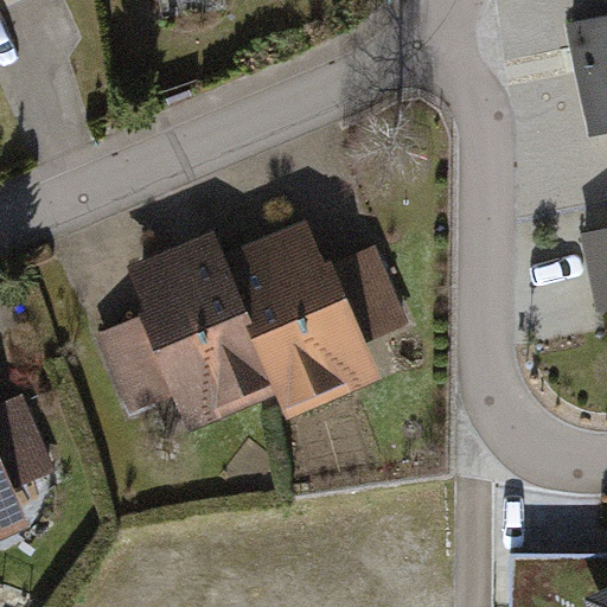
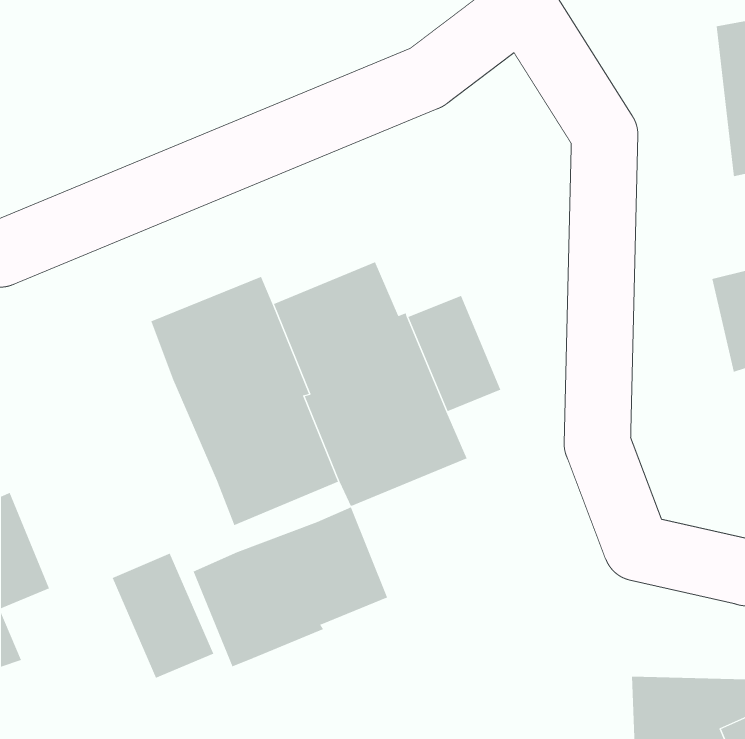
building: [94,314,177,416] -> [112,553,214,678]
building: none -> [193,506,388,667]

